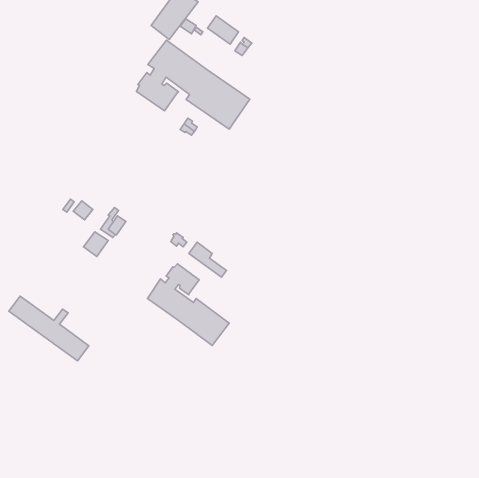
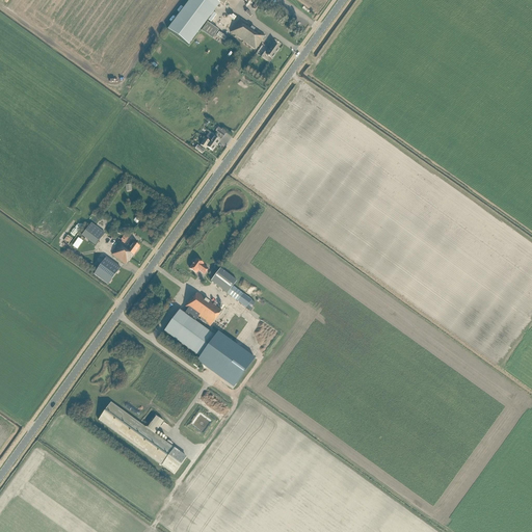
building: [136,40,250,129] -> none
building: [9,296,89,361] -> [97,401,185,473]

